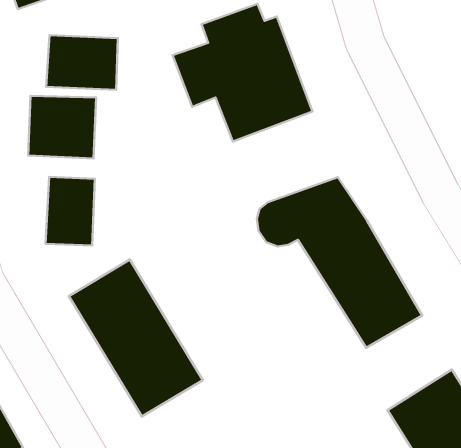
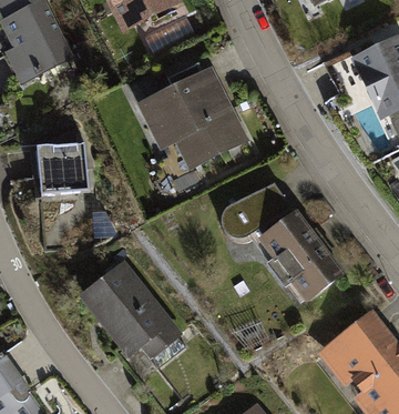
building: [46,35,118,90] -> none
building: [46,177,95,246] -> none

